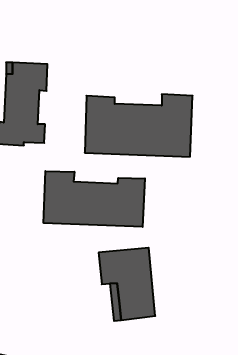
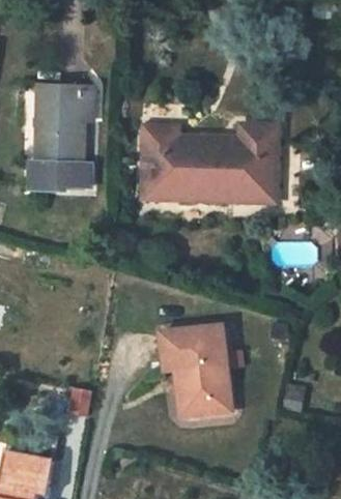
building: [44,171,145,227] -> none

